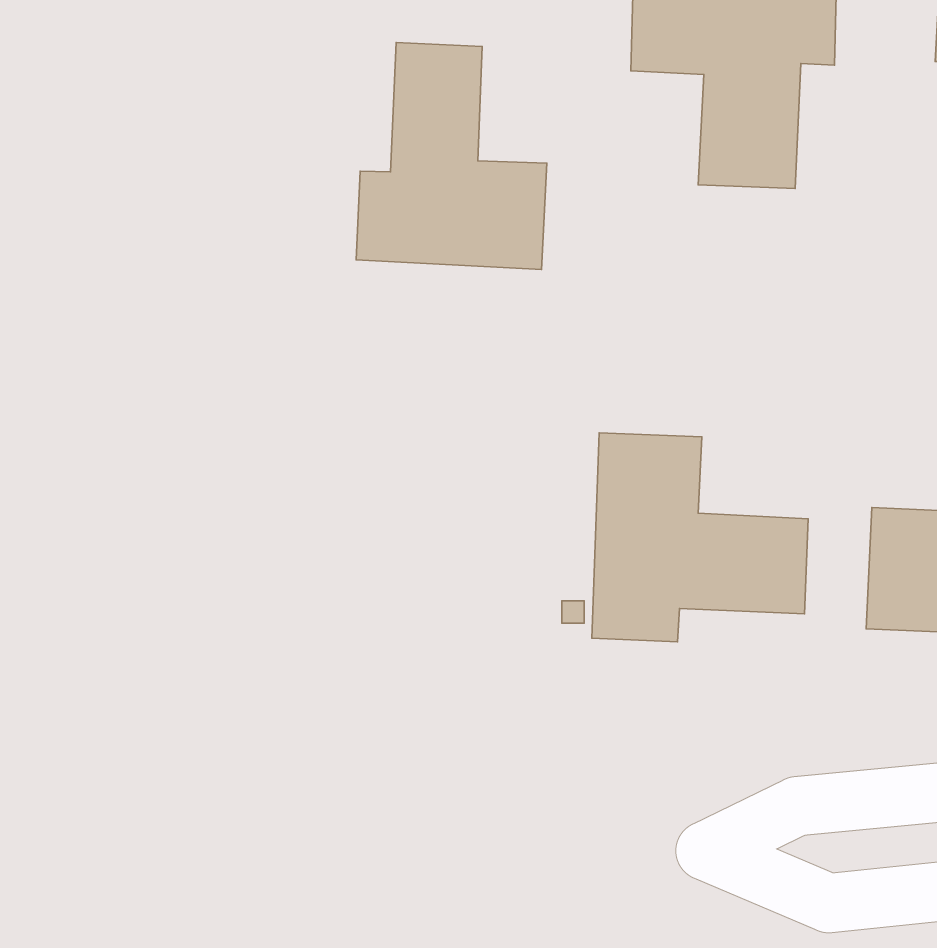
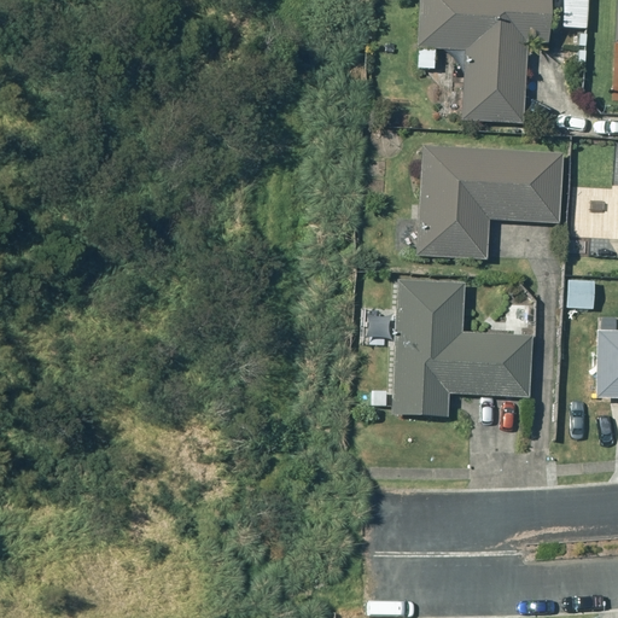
building: [356,42,547,269] -> none
building: none -> [416,145,564,258]

